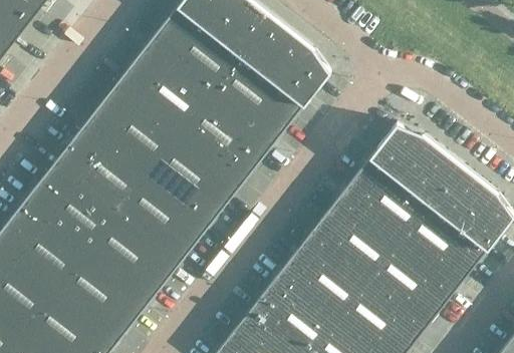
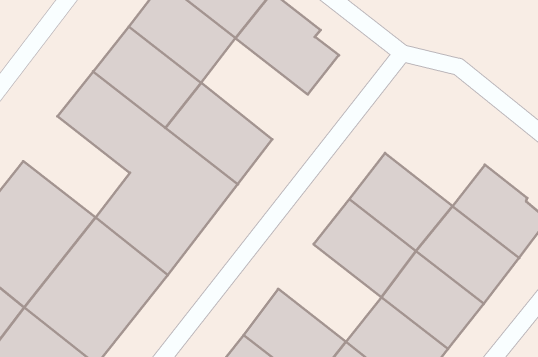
building: [210,56,303,144] -> none
building: [370,123,458,203] -> none
building: [54,124,148,213] -> none
building: [277,236,367,321] -> none

